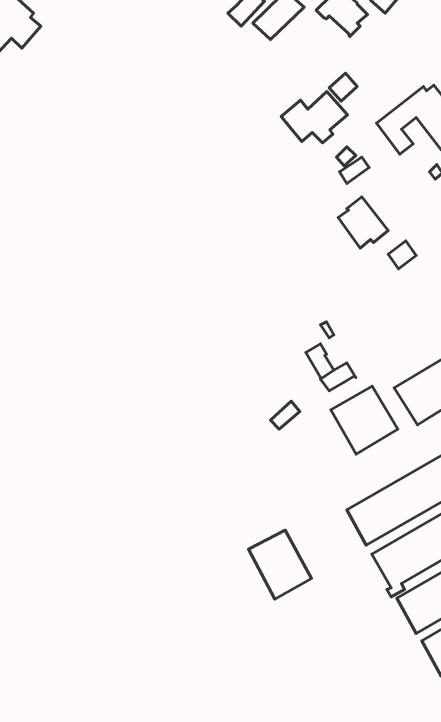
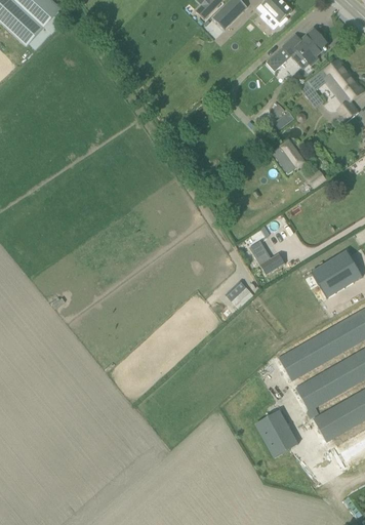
building: [281,91,348,143] -> [282,28,328,64]
building: [331,386,398,454] -> none
building: [248,530,312,599] -> [254,409,298,457]

